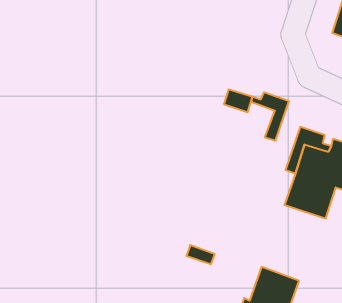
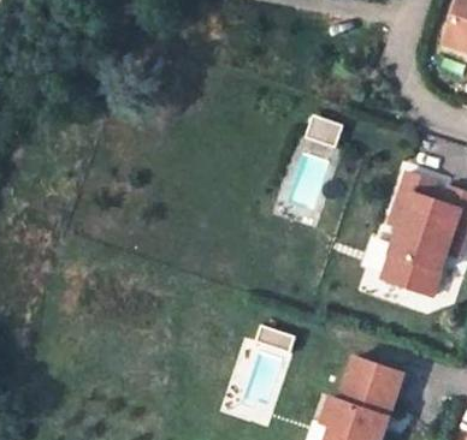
building: [251,92,289,141] -> none

